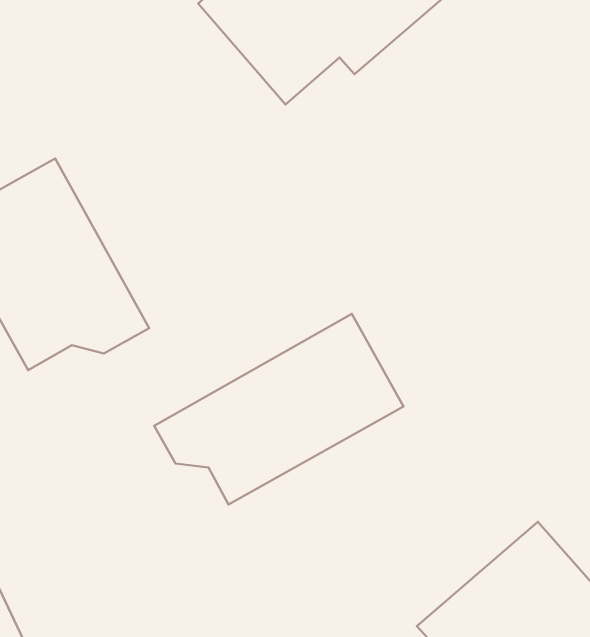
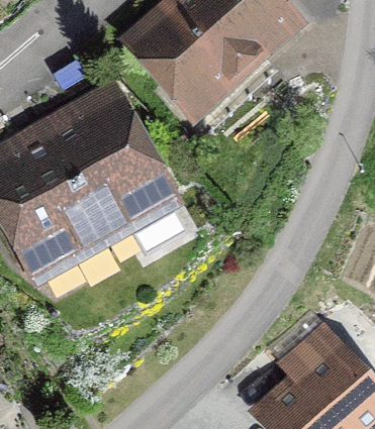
building: none -> [38,94,155,233]
building: [154,314,404,505] -> none

